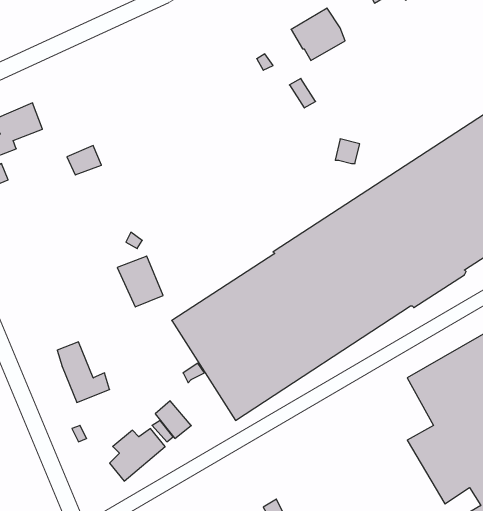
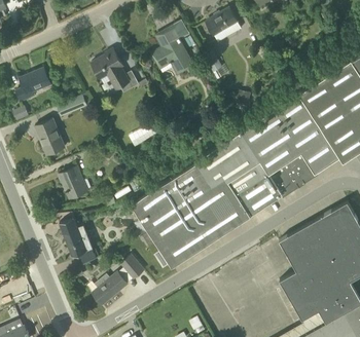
building: none -> [151,21,194,75]
building: none -> [92,51,131,89]
building: none -> [35,119,65,155]
building: [117,256,163,307] -> [59,166,87,198]

